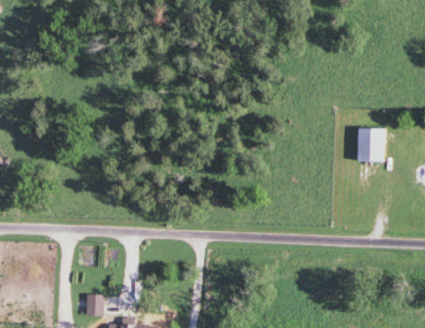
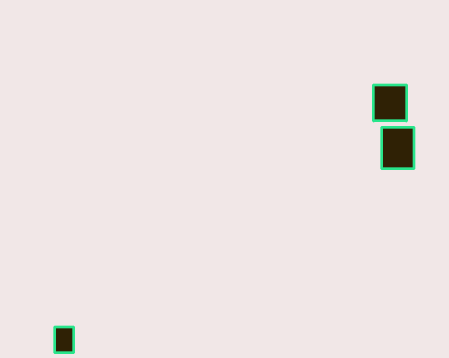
building: none -> [374,85,406,121]

